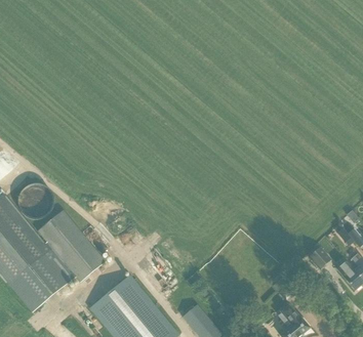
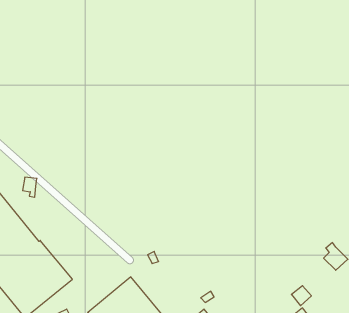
building: [37,209,105,282] -> none

